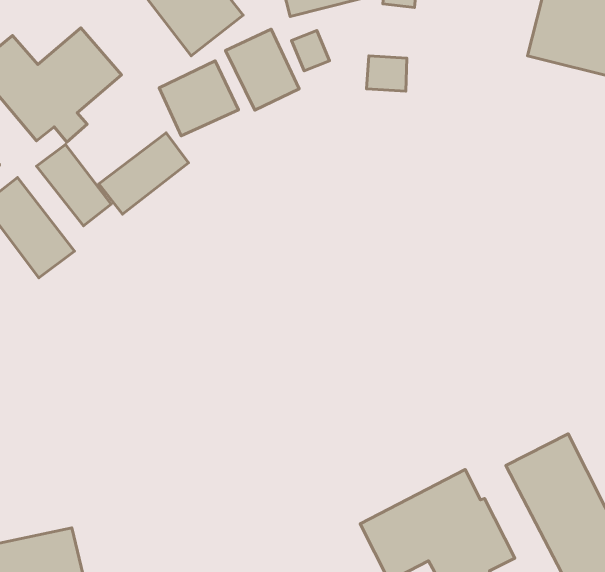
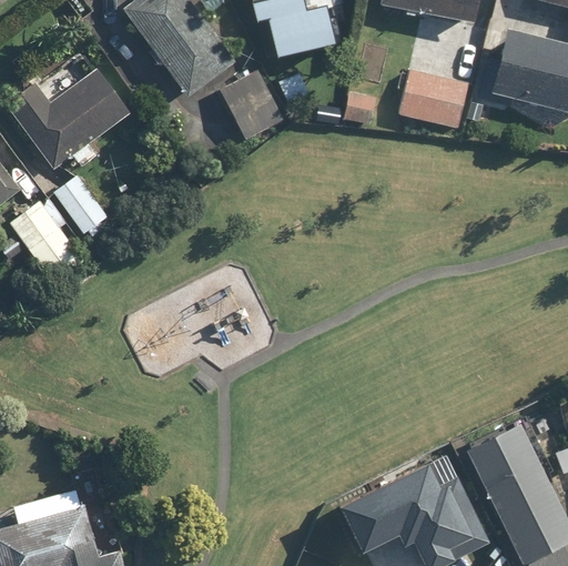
building: none -> [398,70,471,130]
building: [159,61,238,136] -> none
building: [99,133,188,214] -> none

